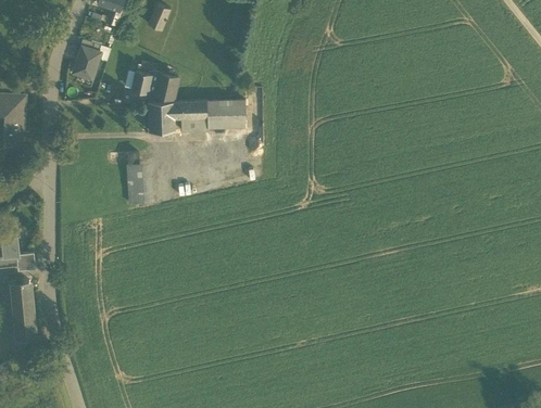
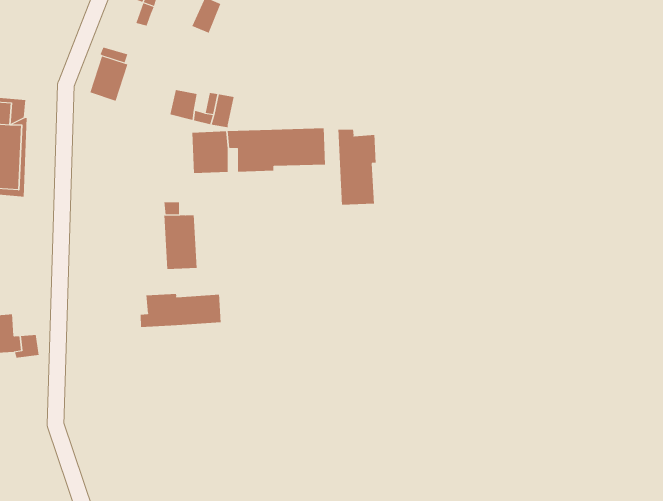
building: none -> [338,129,376,206]
building: none -> [140,293,221,328]
building: [11,281,33,336] -> none

